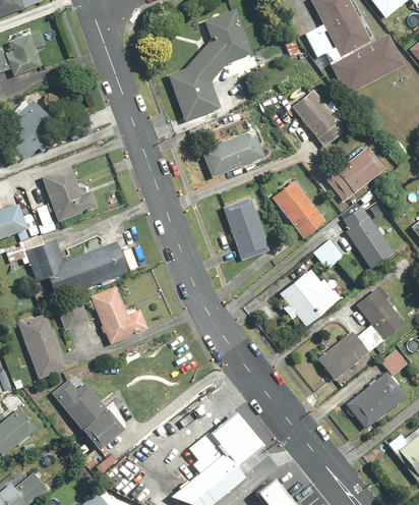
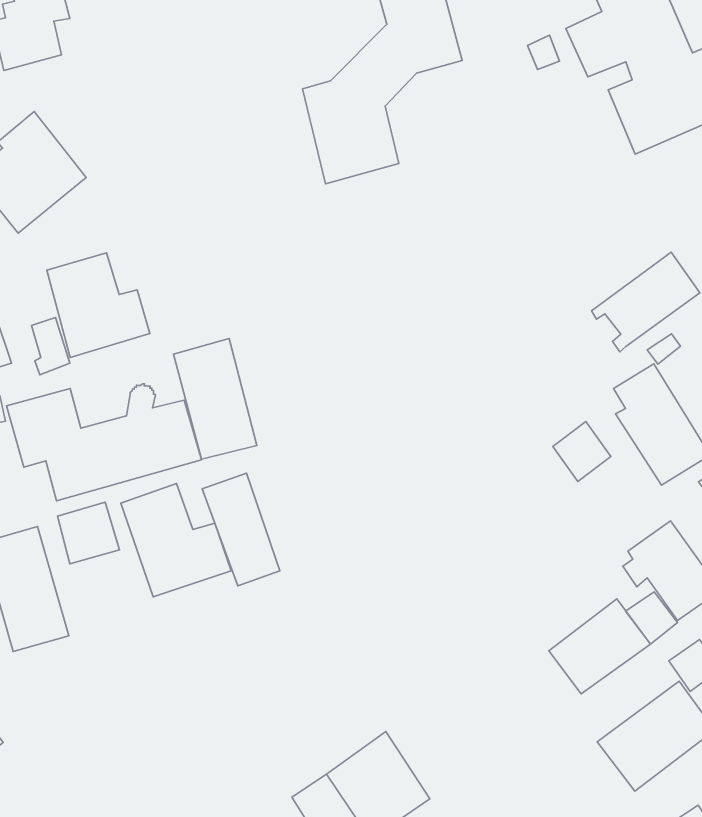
building: [291,89,346,145] -> none
building: [201,129,263,177] -> none
building: [272,179,326,237] -> none
building: [223,197,270,261] -> [173,338,257,459]
building: [278,269,341,327] -> none
building: none -> [202,473,280,586]
building: [51,374,122,450] -> none

